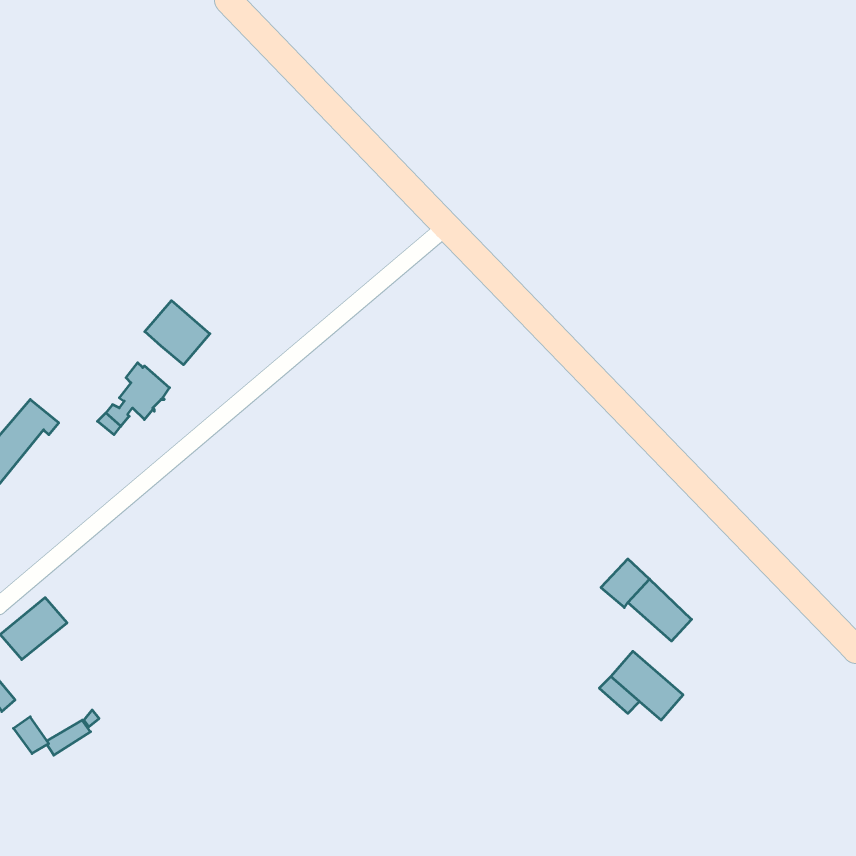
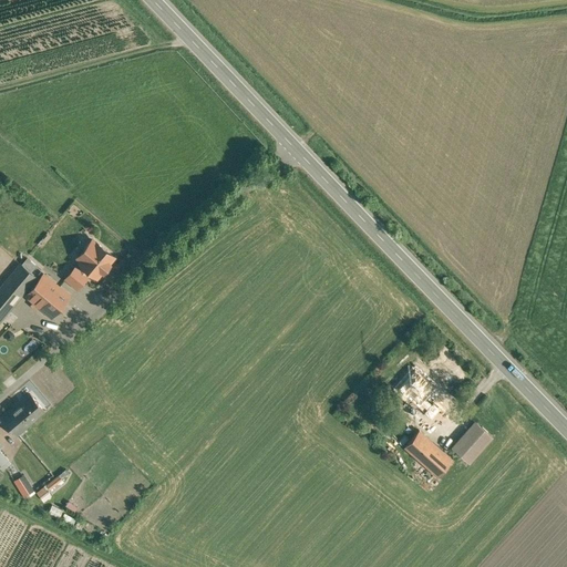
building: [145,301,210,365] -> none
building: none -> [25,275,68,318]
building: none -> [451,423,491,463]

